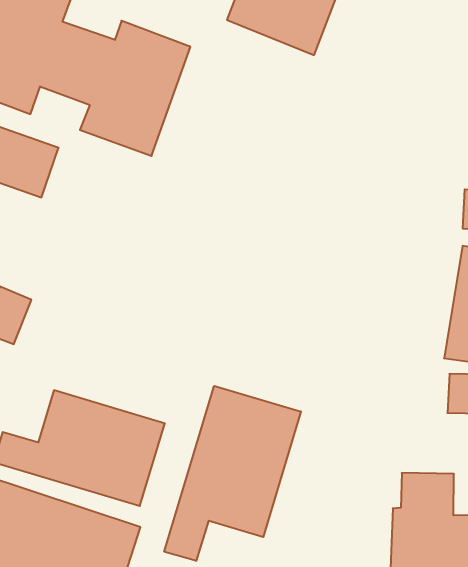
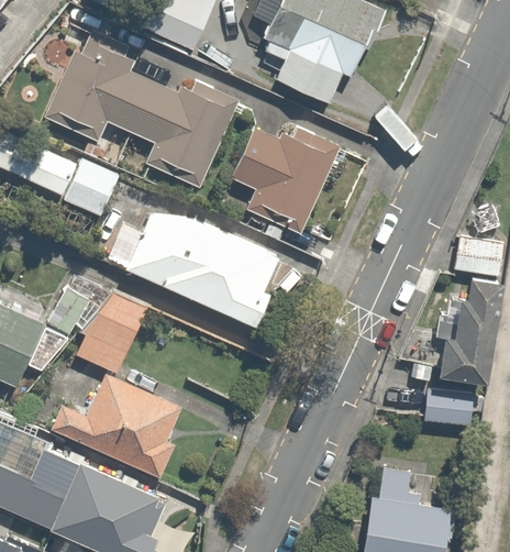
building: none -> [231,120,341,228]
building: none -> [124,216,279,330]
building: none -> [77,289,145,377]
building: [164,386,301,561] -> none

